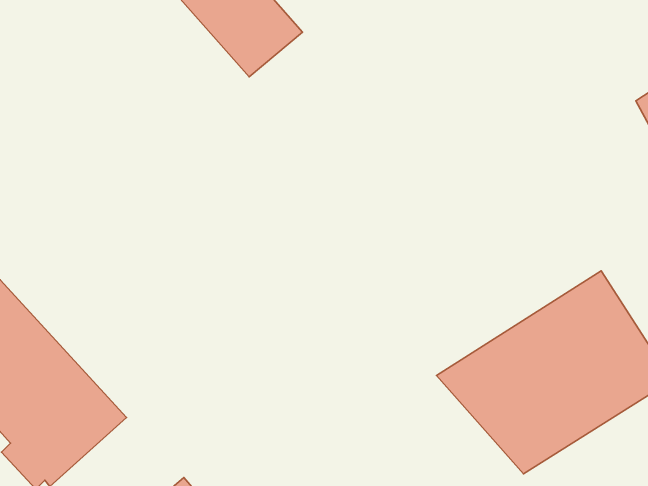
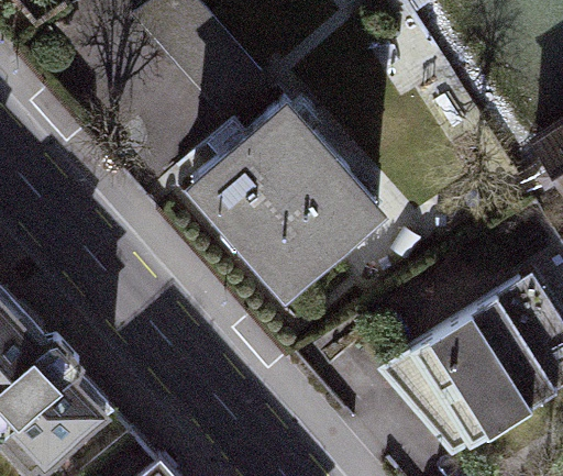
building: none -> [194,101,380,289]

